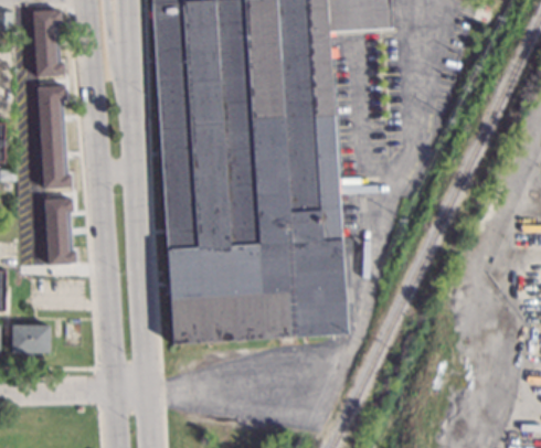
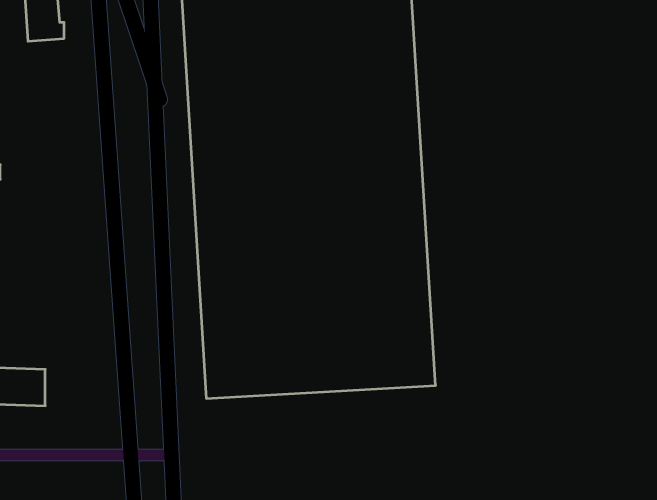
building: [38,84,72,188] -> none
building: [44,198,76,264] -> none

